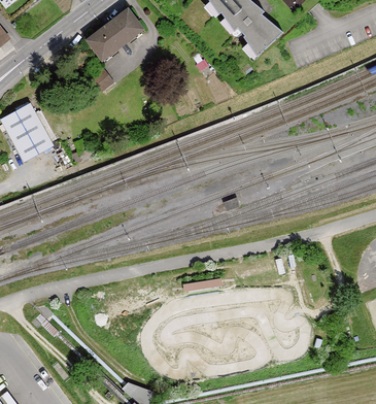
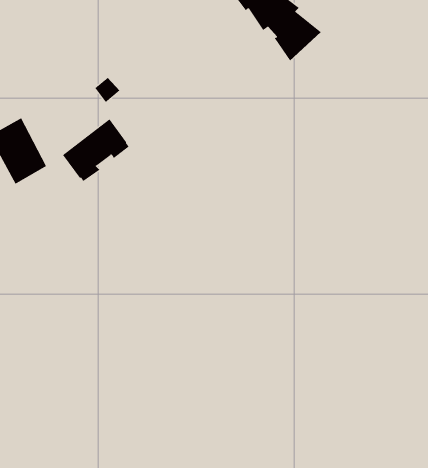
building: [87,9,143,63] -> [62,119,129,182]

